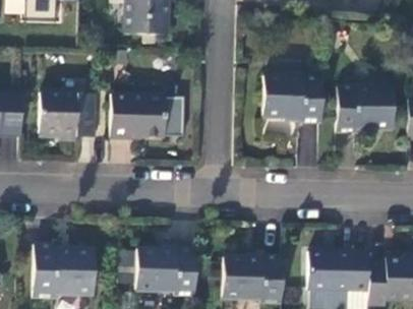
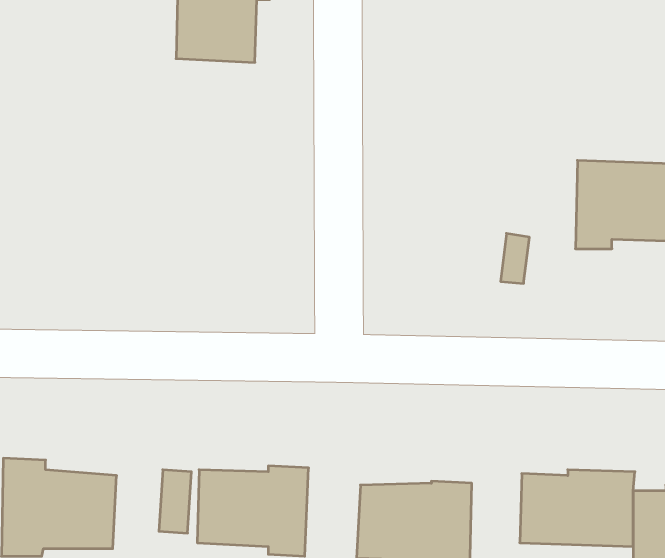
building: [264,76,321,123] -> none
building: [41,94,96,137] -> none
building: [110,95,165,139] -> none

